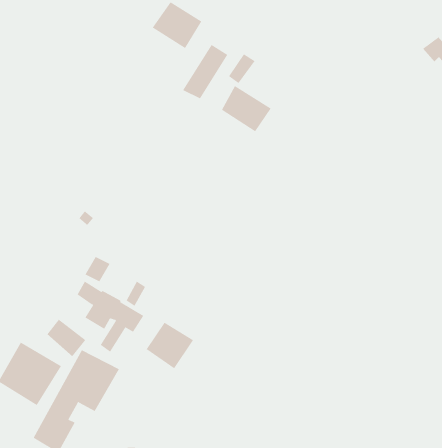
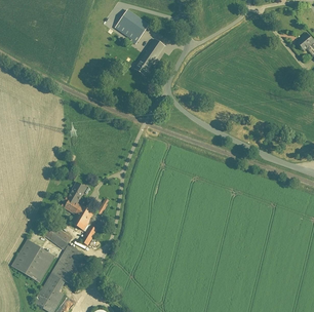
building: [221,85,271,132] -> none
building: [146,322,194,369] -> none

